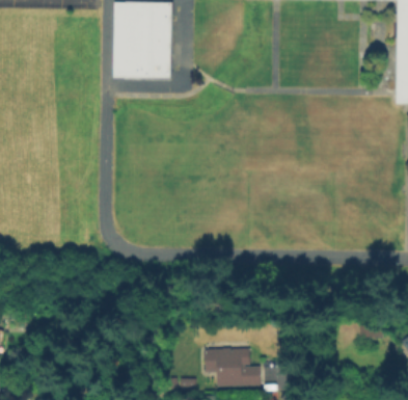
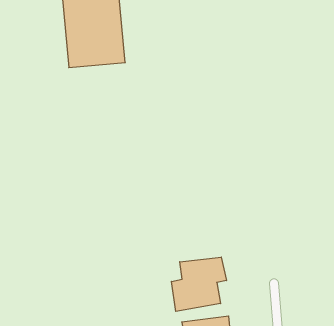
building: none -> [171,257,226,311]

